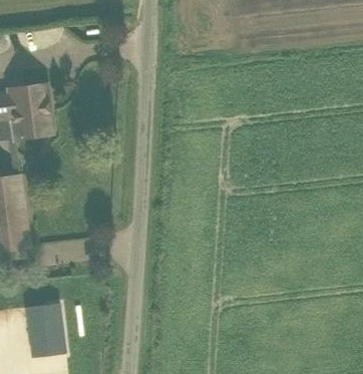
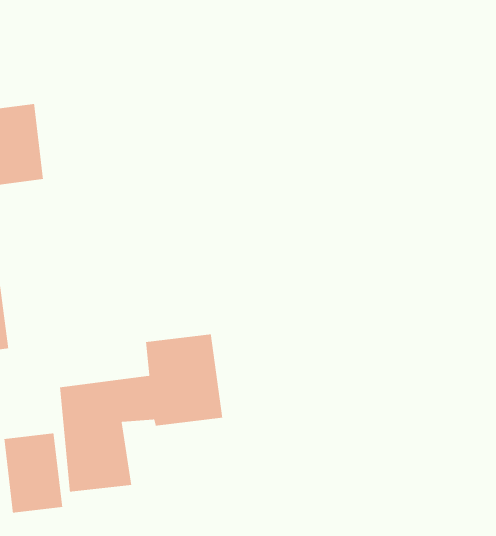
building: none -> [59,334,223,492]

